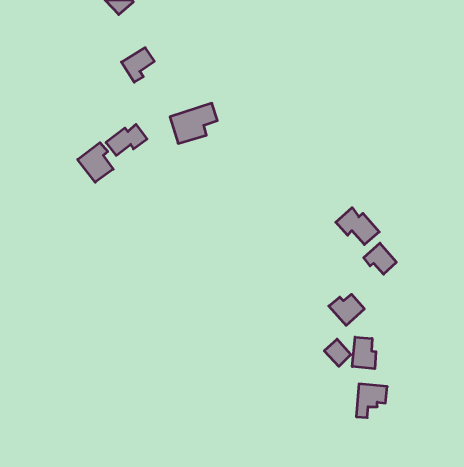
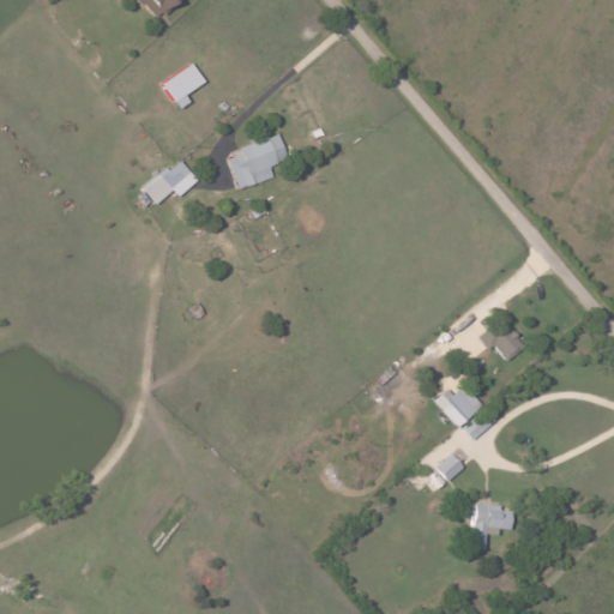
building: [78,143,113,182] -> none
building: [336,208,379,245] -> none
building: [352,337,376,369] -> none

